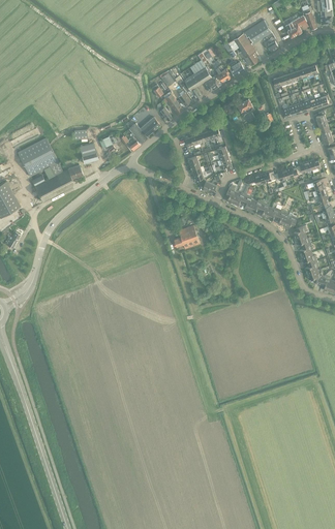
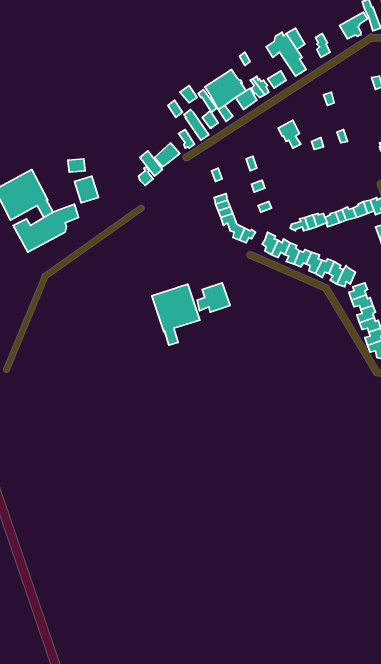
building: none -> [152,284,200,345]

